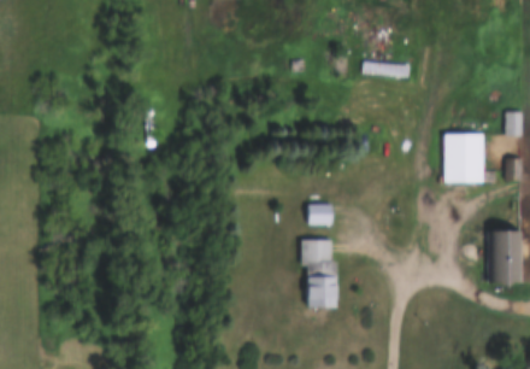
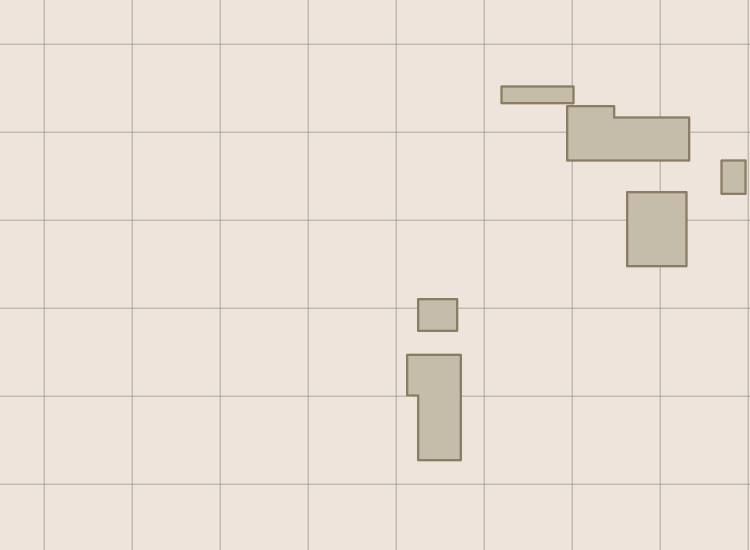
building: none -> [567,106,689,160]
building: [489,229,519,283] -> none

